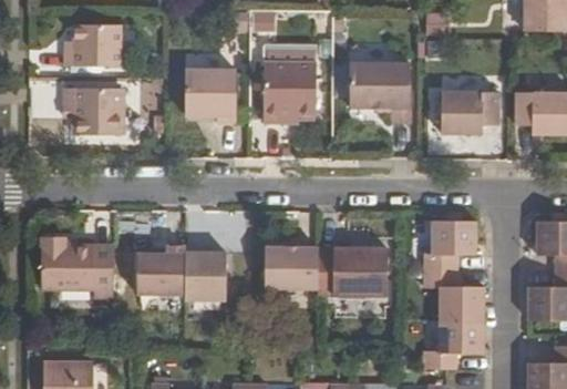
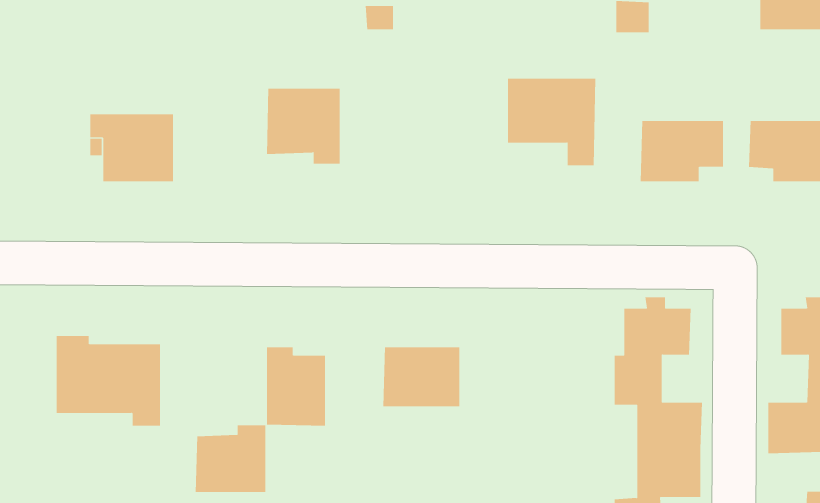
building: [64,25,120,65] -> none
building: [264,62,324,123] -> none
building: [136,247,185,294] -> [195,425,266,493]
building: [318,247,388,296] -> none

